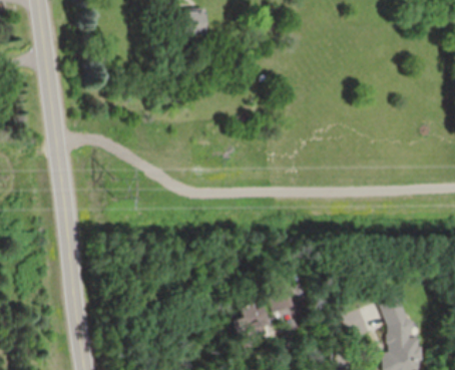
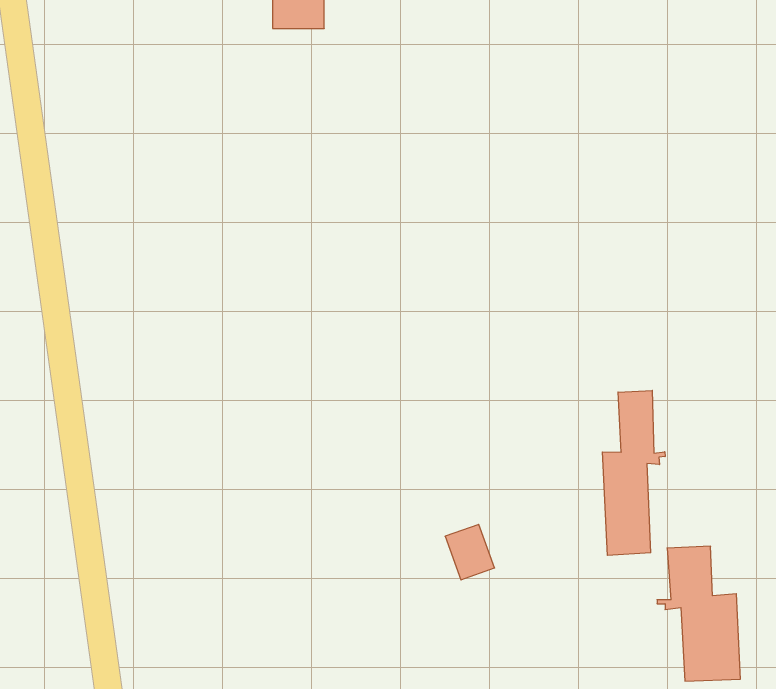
building: none -> [603,390,665,555]
building: [231,305,272,337] -> none

